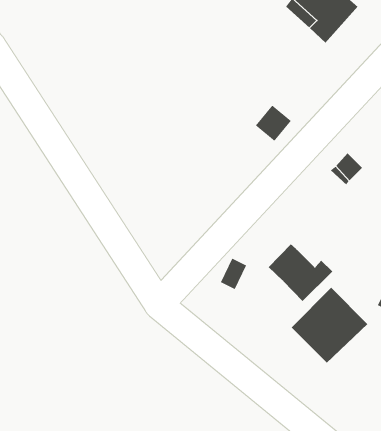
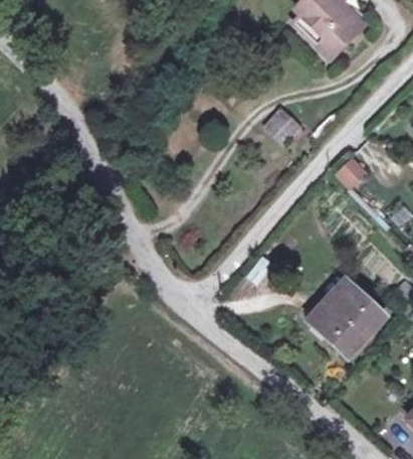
building: [268,243,333,302] -> none

